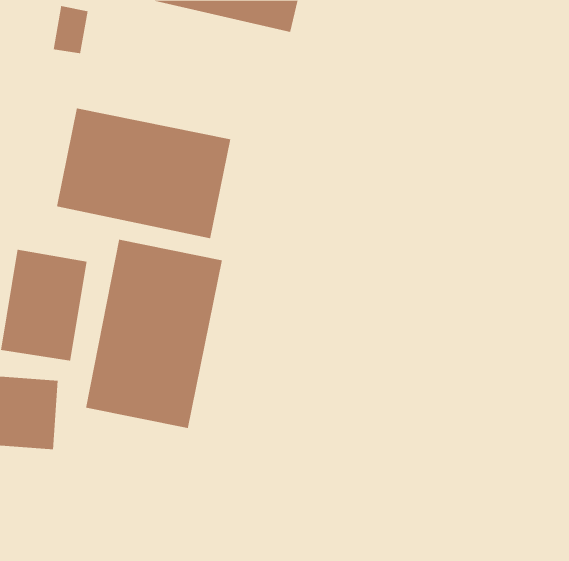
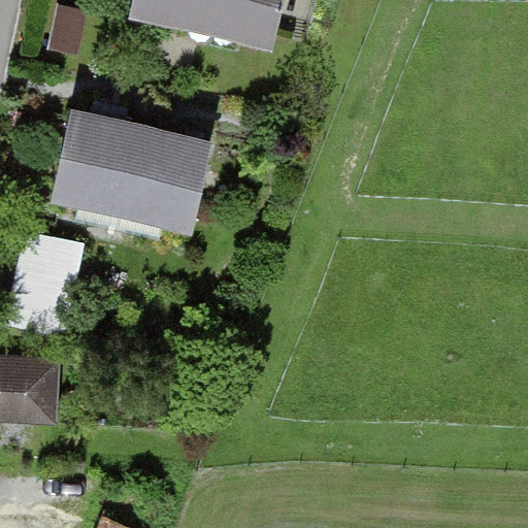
building: [86,239,222,429] -> none

